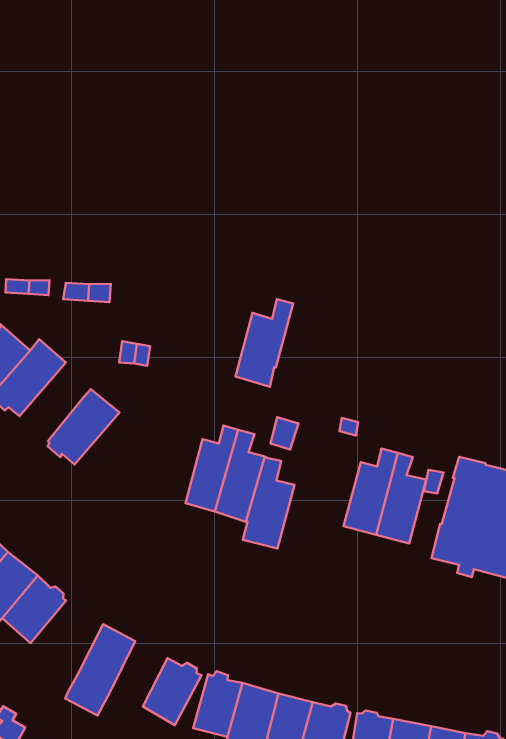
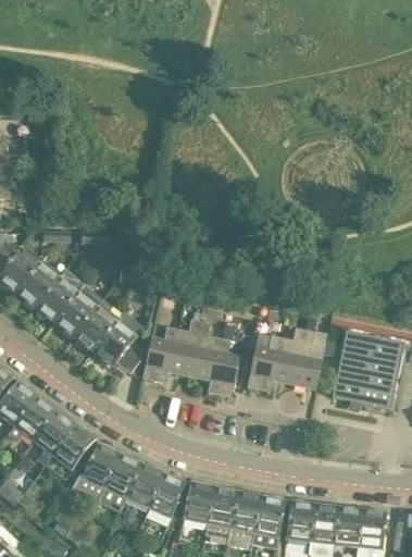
building: [235,299,293,387] -> [141,327,176,385]
building: none -> [55,285,102,338]
building: none -> [93,312,142,374]
building: none -> [246,336,280,393]
building: none -> [70,444,118,502]
building: none -> [126,465,162,507]

